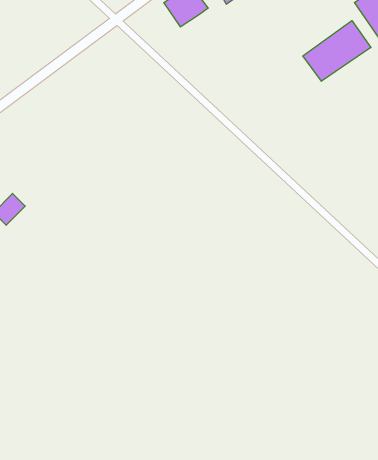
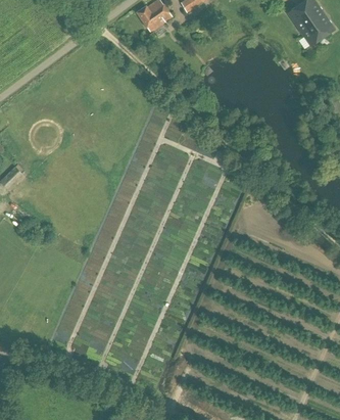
building: [303,21,371,81] -> none

